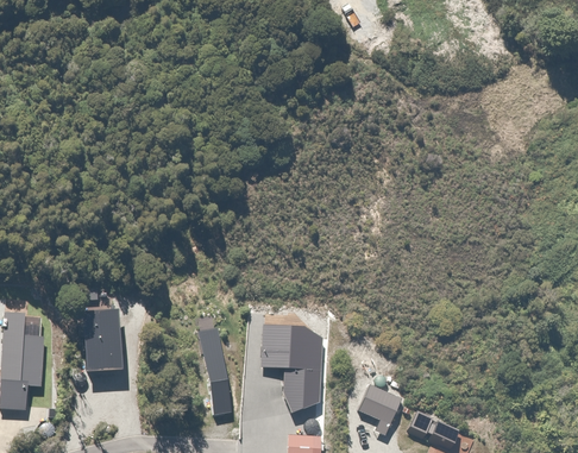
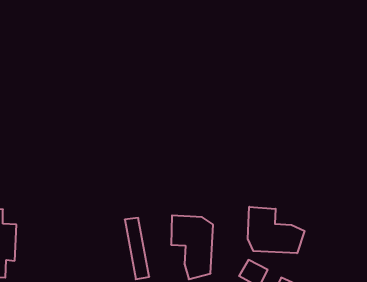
building: [82,307,124,370] -> none
building: none -> [248,207,305,253]

